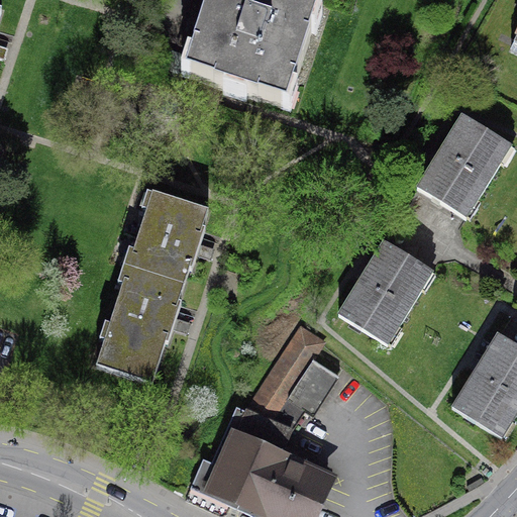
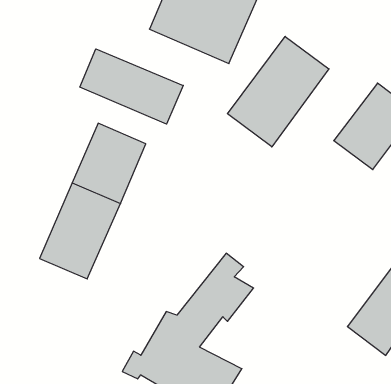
building: none -> [227,36,329,147]
building: none -> [80,49,183,124]
building: [340,240,433,343] -> none

